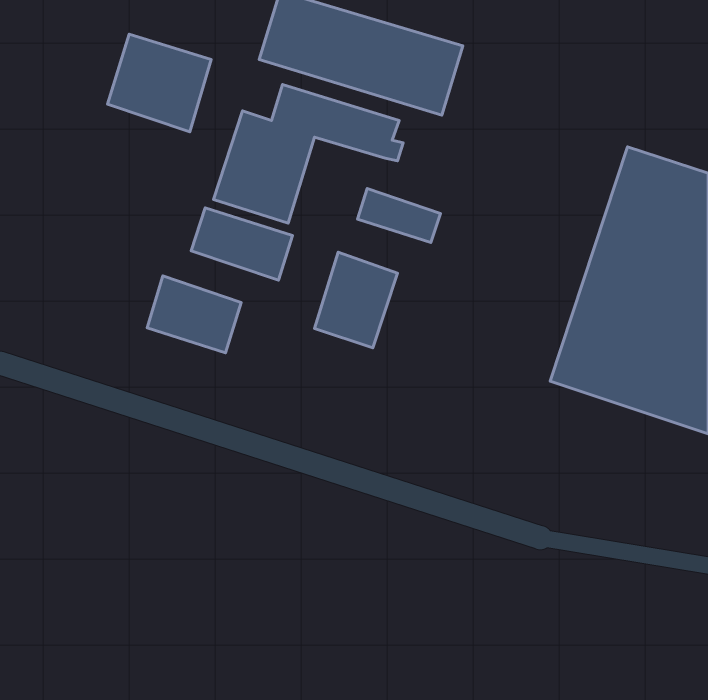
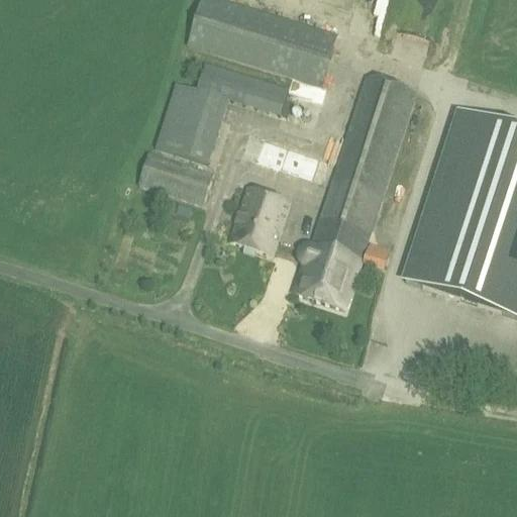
building: [108,34,211,132] -> none
building: none -> [294,74,416,308]
building: [147,276,241,353] -> none

